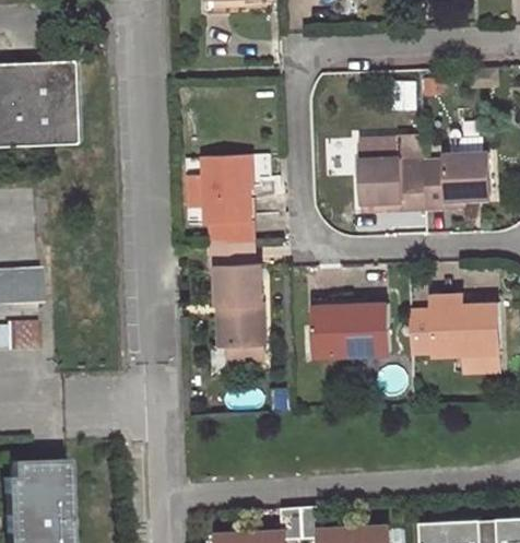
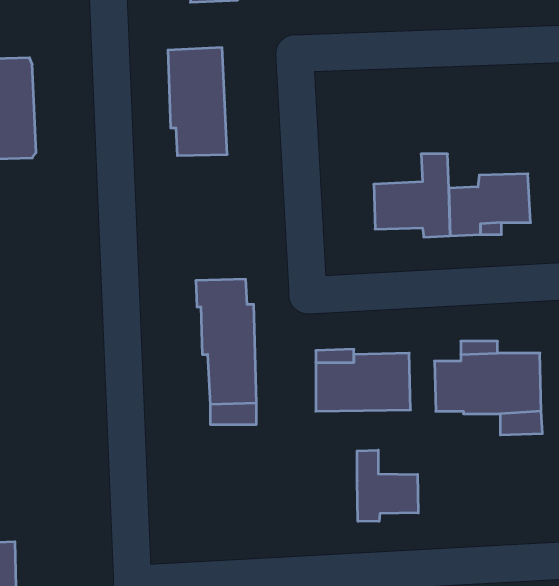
building: [357,138,399,163] -> none
building: [203,153,252,243] -> [168,48,227,156]
building: none -> [357,450,418,521]

